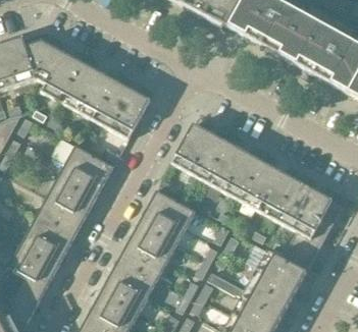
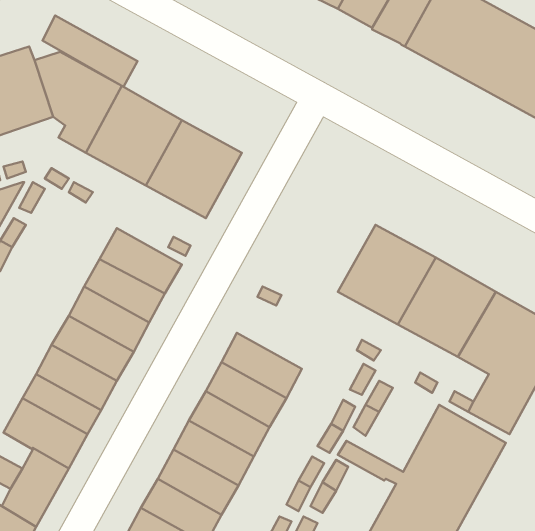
building: none -> [43,16,138,87]
building: [171,122,229,181] -> none
building: [147,188,196,227] -> none

